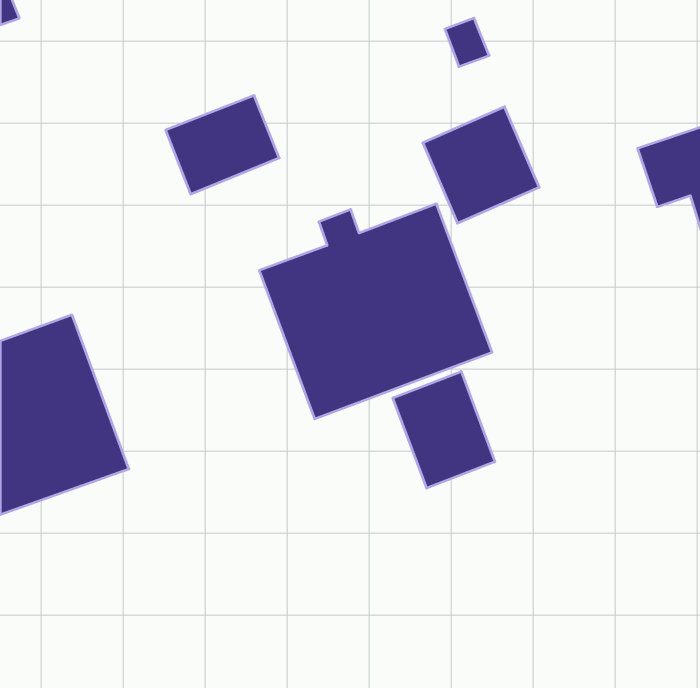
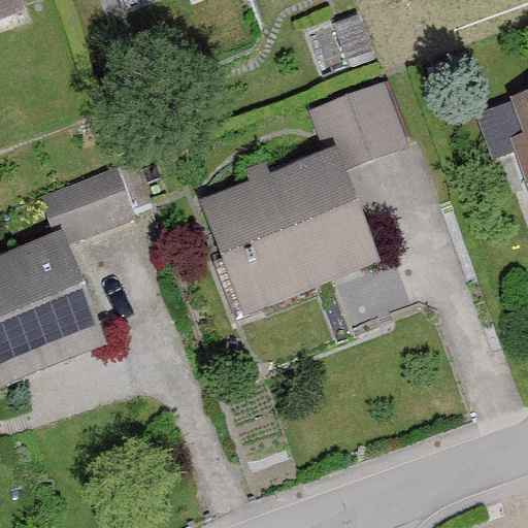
building: [166,96,279,194] -> [51,166,135,239]
building: [393,371,495,488] -> none

